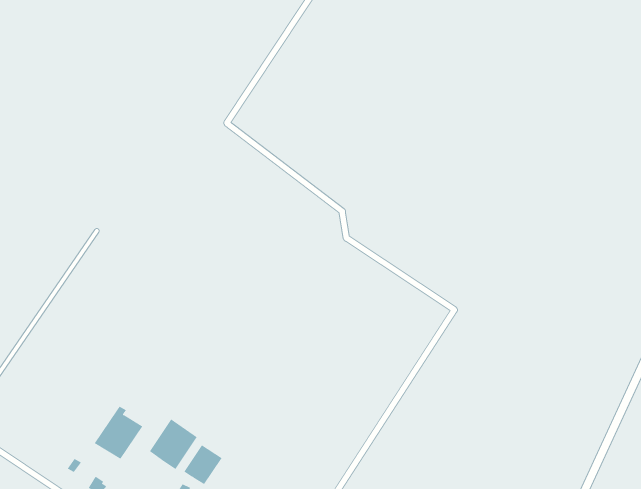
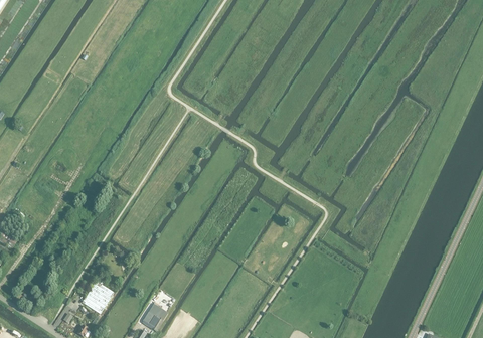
building: [149,419,197,470] -> none

